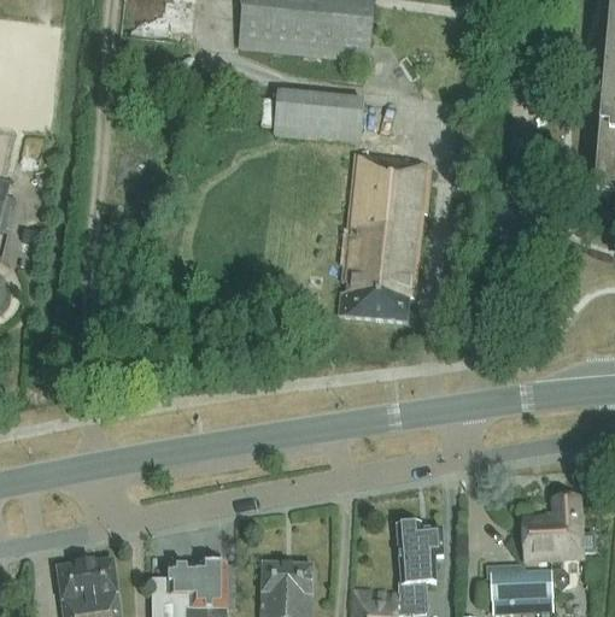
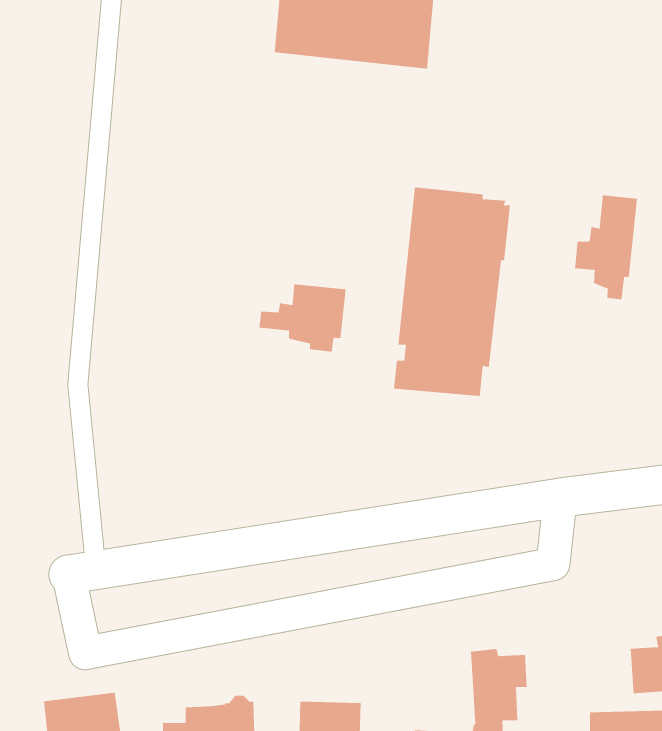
building: [262,89,350,139] -> none
building: none -> [574,195,637,300]
building: none -> [259,283,346,352]

